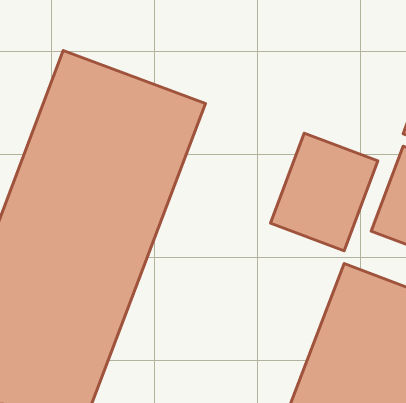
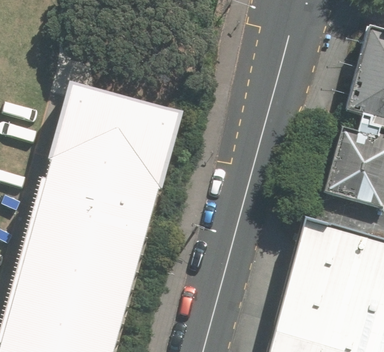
building: [270,133,378,251] -> none

